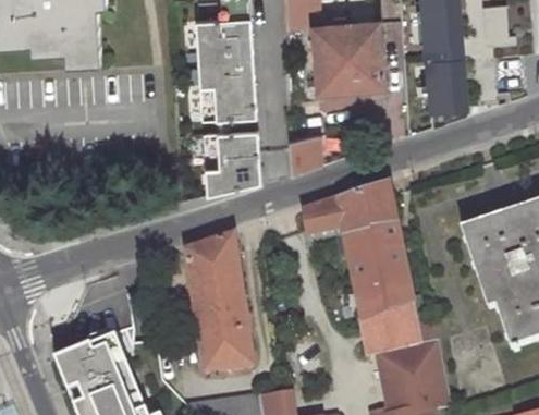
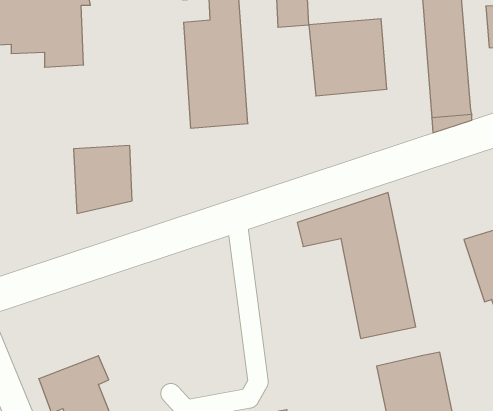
building: [204,131,259,195] -> [74,146,132,213]
building: [289,134,320,175] -> none
building: [186,234,255,371] -> none
building: [363,310,420,350] -> none

